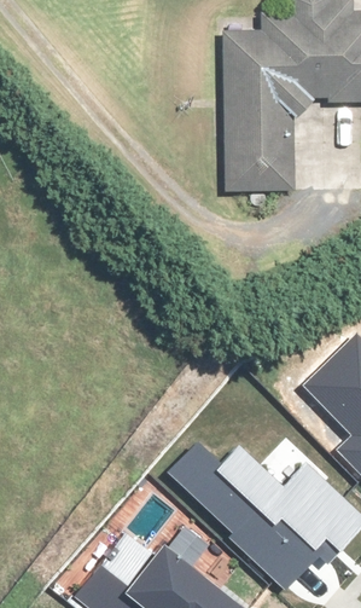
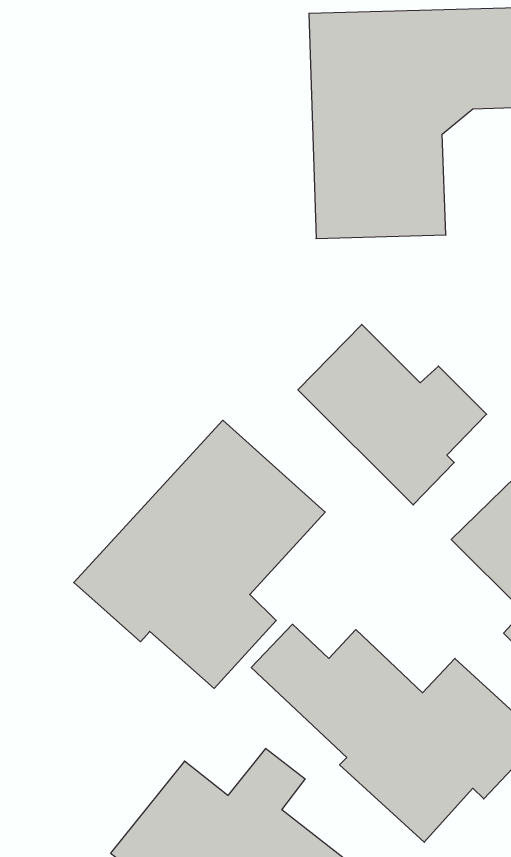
building: none -> [298,324,487,505]
building: none -> [74,420,325,688]

